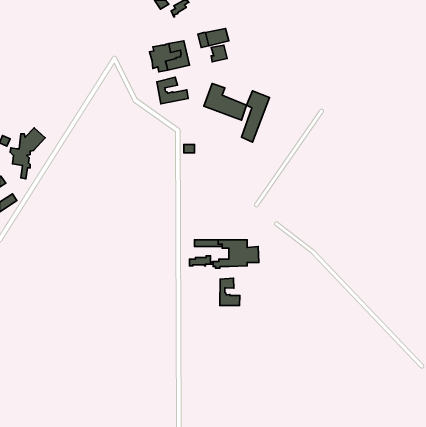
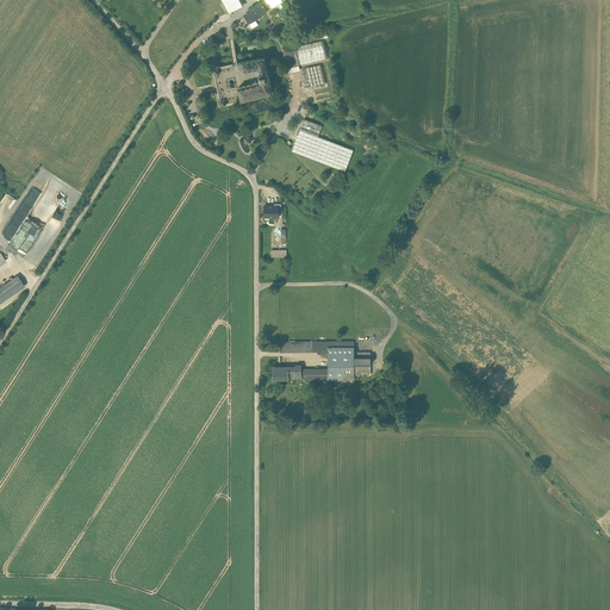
building: [157,77,188,104] -> none
building: [241,91,269,142] -> none
building: [220,278,240,306] -> none

